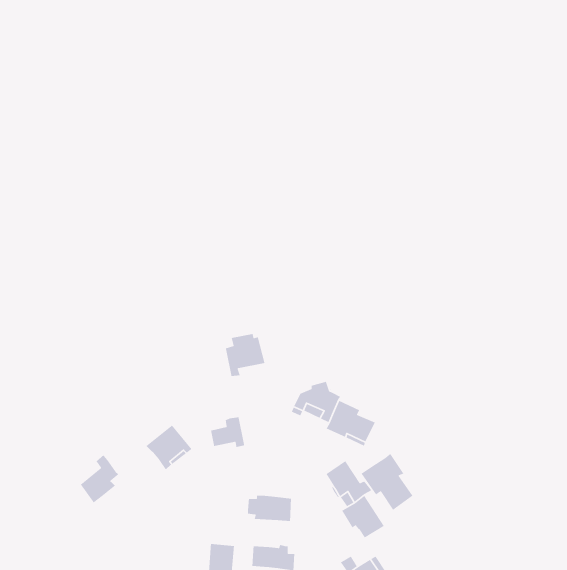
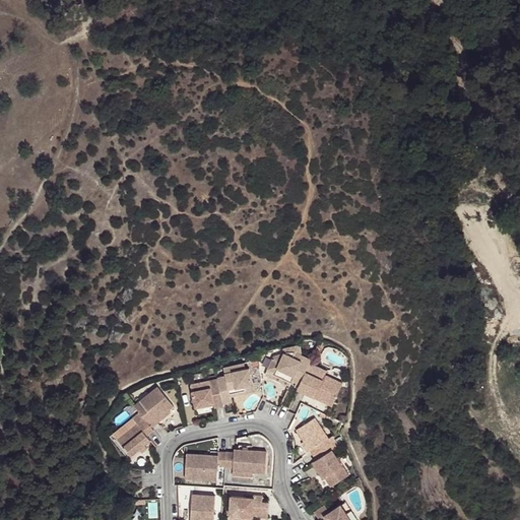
building: [225,333,265,377] -> [217,366,254,405]
building: [360,453,413,511] -> none
building: [80,454,119,504] -> [117,412,152,457]
building: none -> [183,453,225,480]

